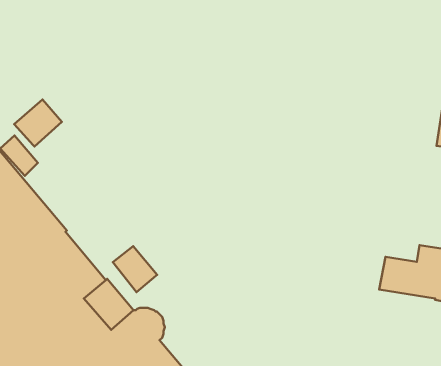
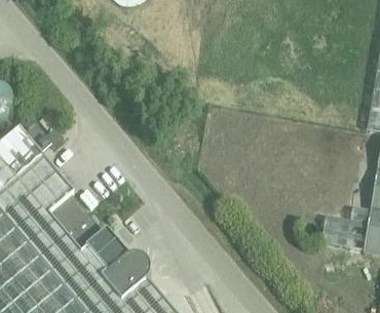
building: [14,100,62,147] -> none
building: [113,246,157,292] -> none

